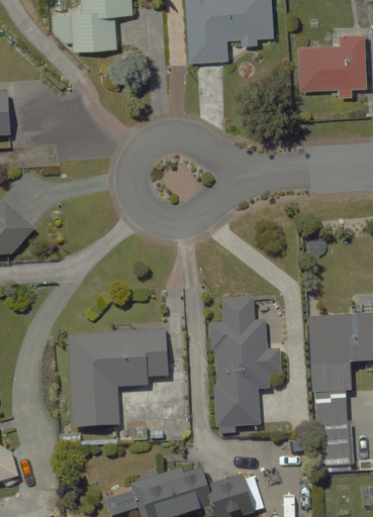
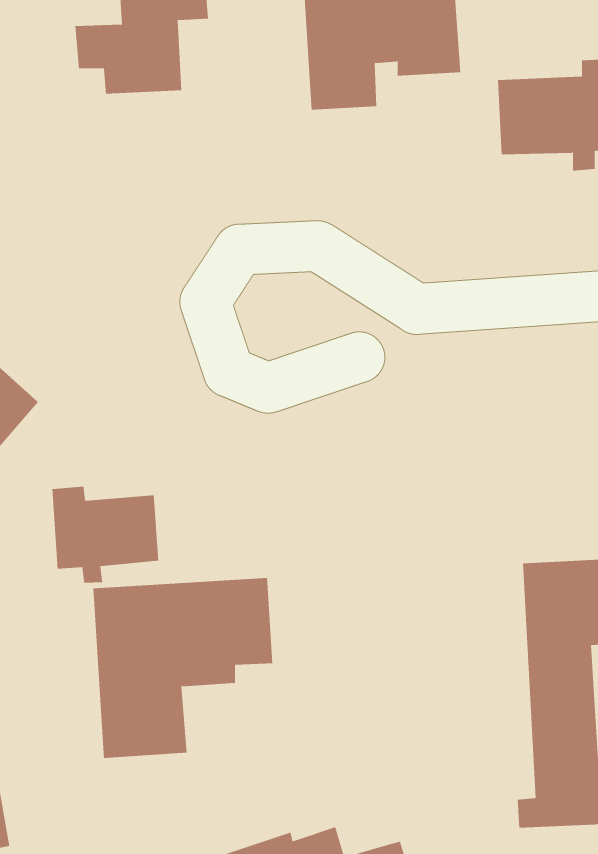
building: none -> [52,486,159,584]
building: [207,297,287,433] -> none

